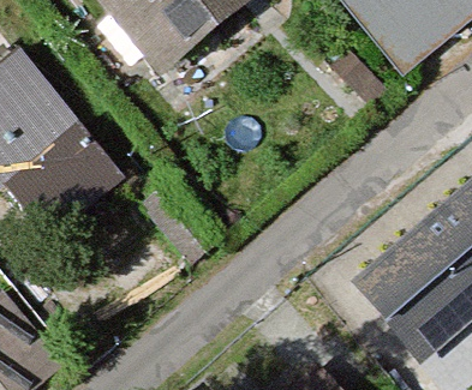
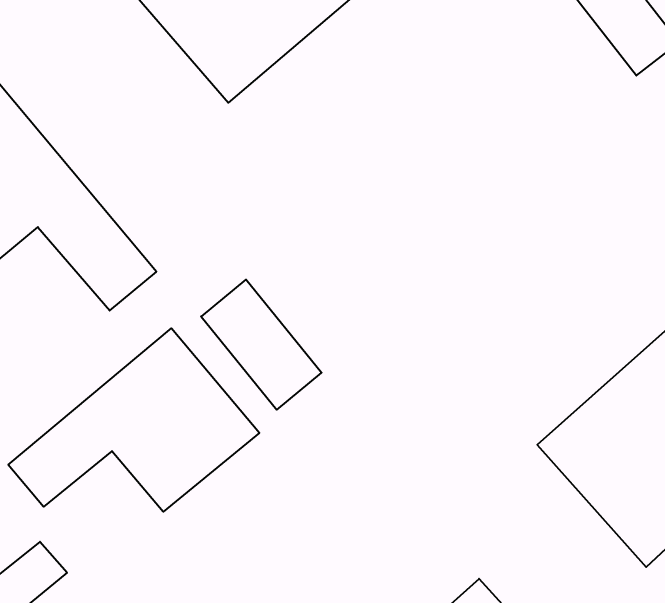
building: none -> [8,328,259,512]

